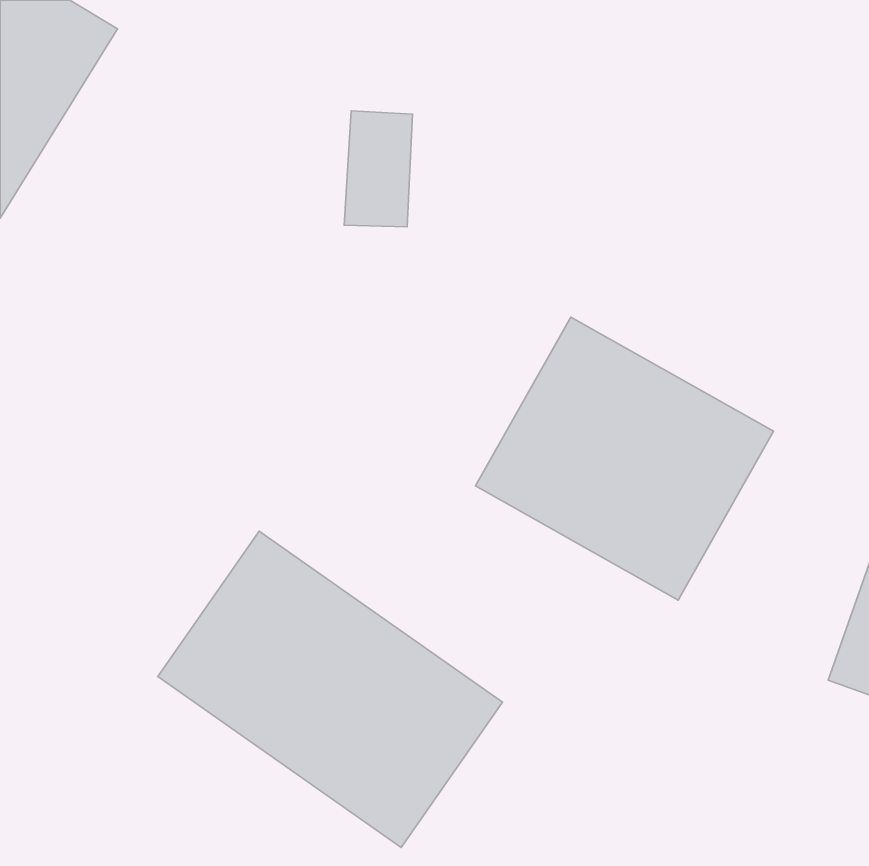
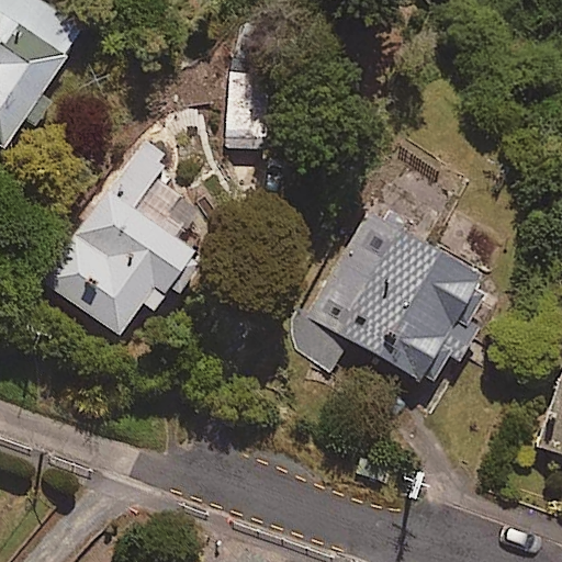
building: none -> [41,142,211,339]
building: [158,531,503,847] -> none

